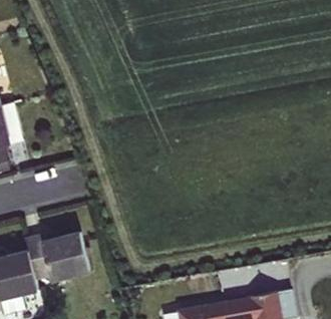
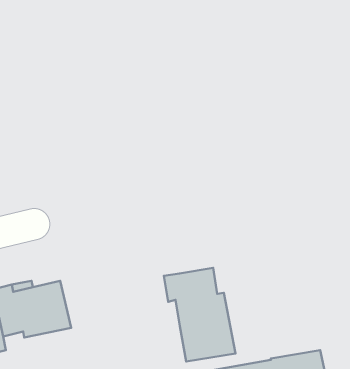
building: none -> [164,268,235,362]

